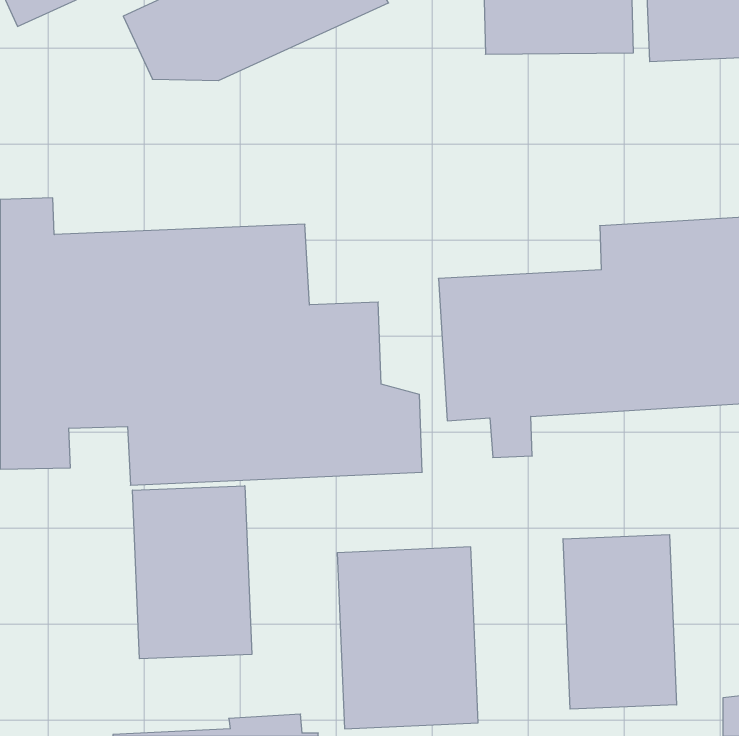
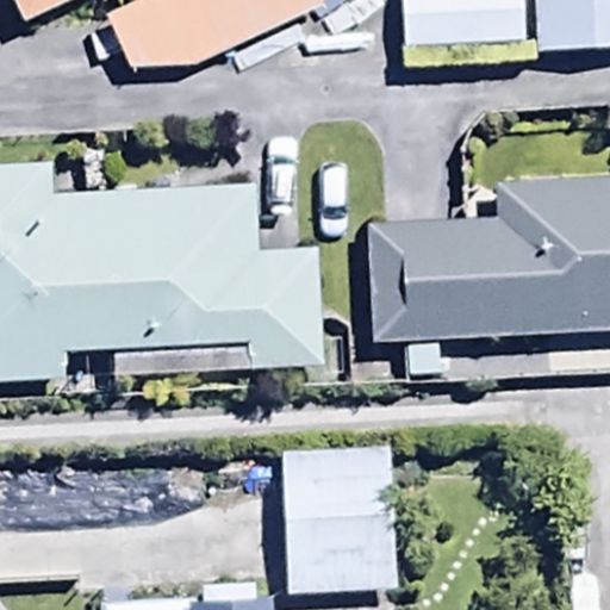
building: [133,486,252,659] -> none
building: [563,535,677,709] -> none

